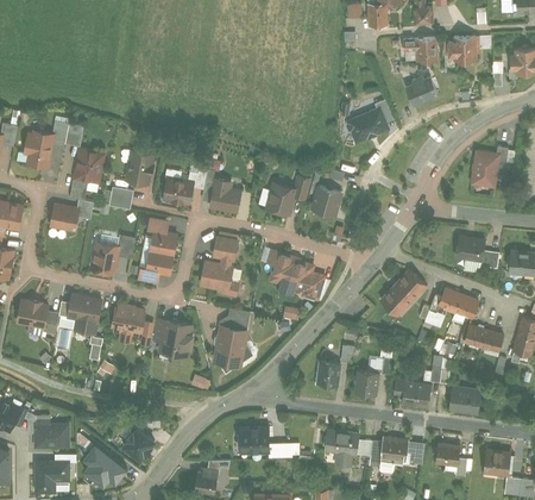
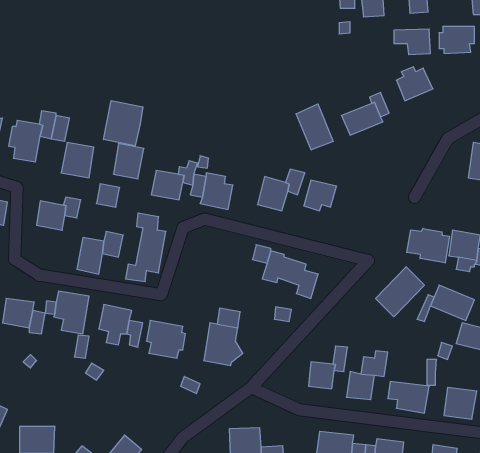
building: none -> [104,101,143,146]
building: none -> [296,104,333,150]
building: none -> [407,228,450,263]
building: [202,231,241,296] -> none

